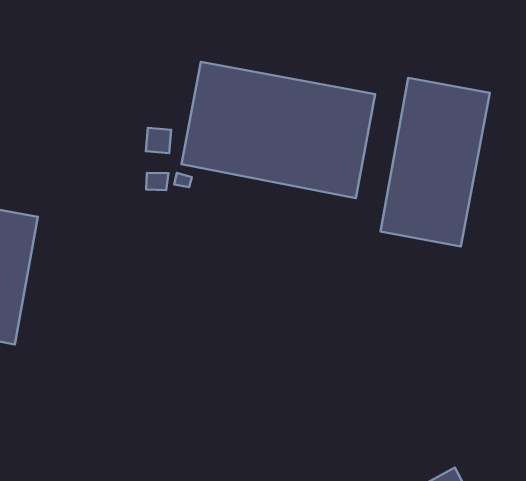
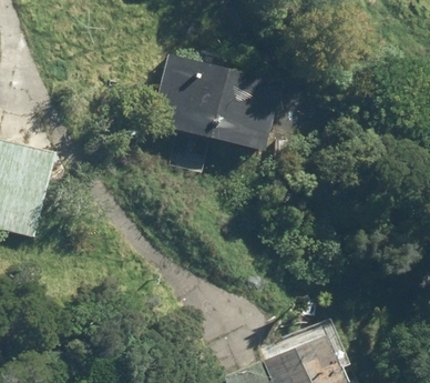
building: [381,78,490,246] -> none

